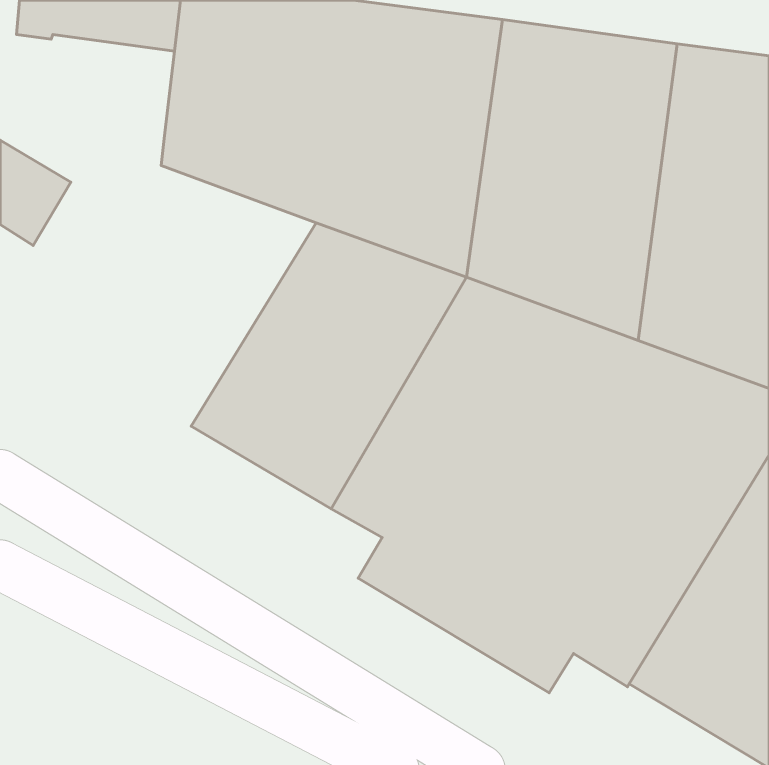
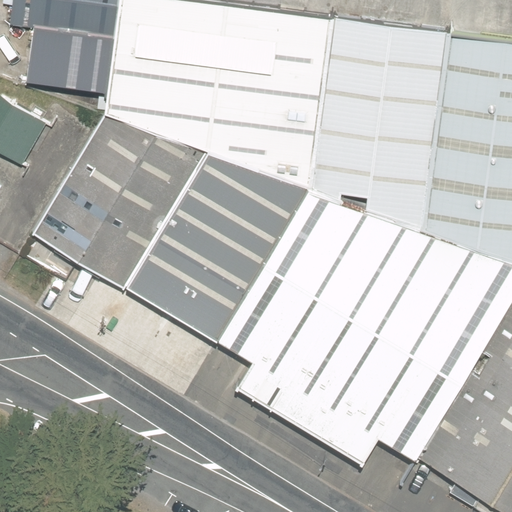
building: none -> [28,26,116,95]
building: none -> [34,113,210,290]

